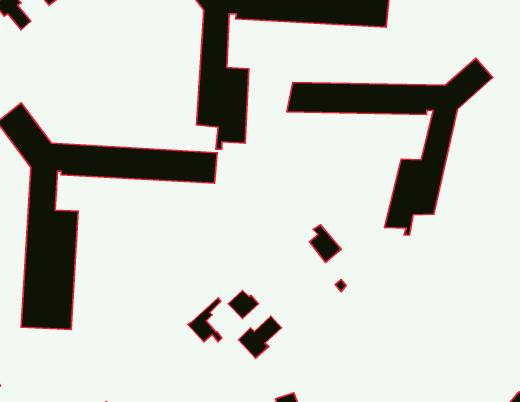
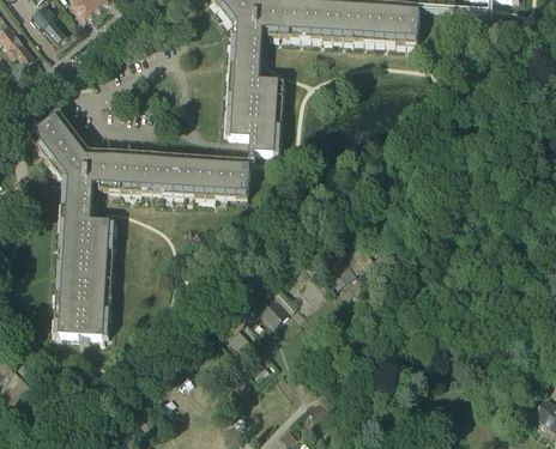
building: [287,58,493,235] -> none
building: [239,316,281,358] -> none

